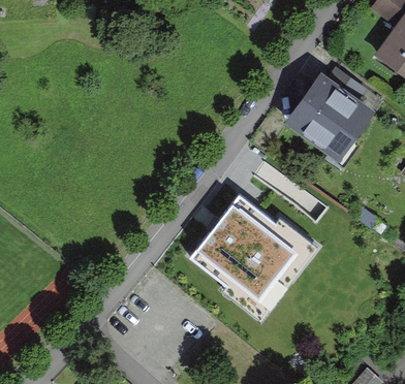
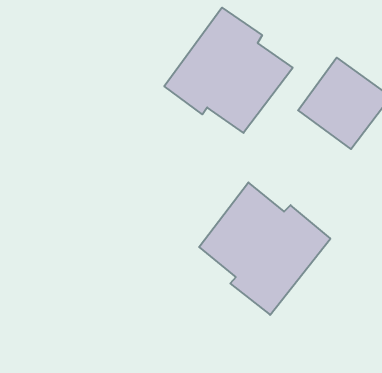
building: none -> [164,8,293,133]

